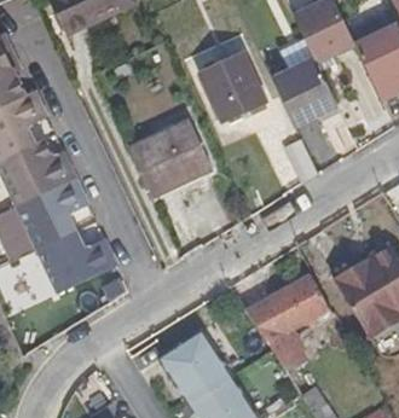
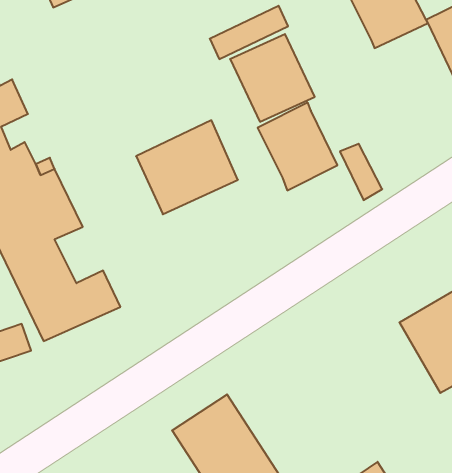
building: [273,59,335,127] -> [258,103,337,190]
building: [245,275,334,371] -> none

